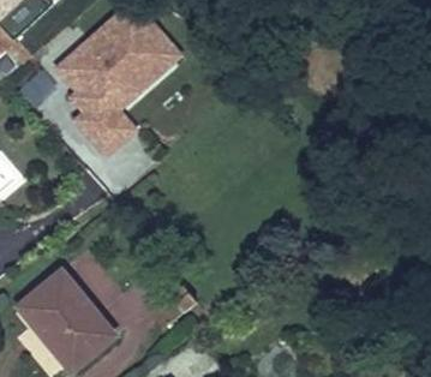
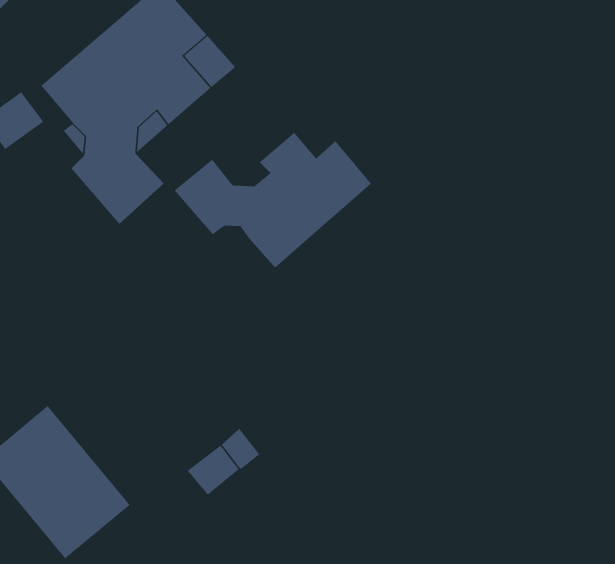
building: none -> [174,132,372,268]

